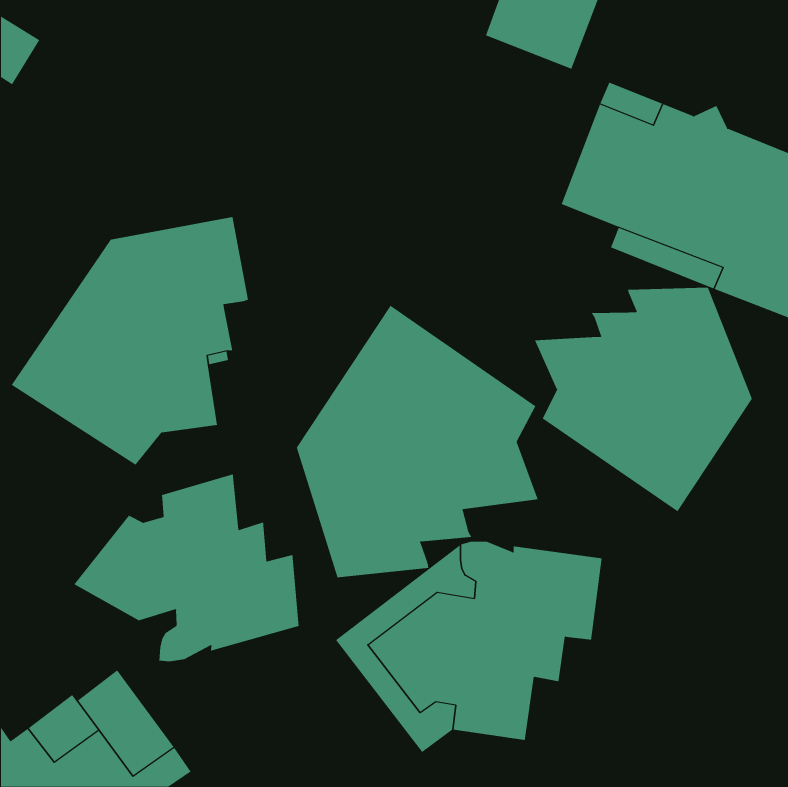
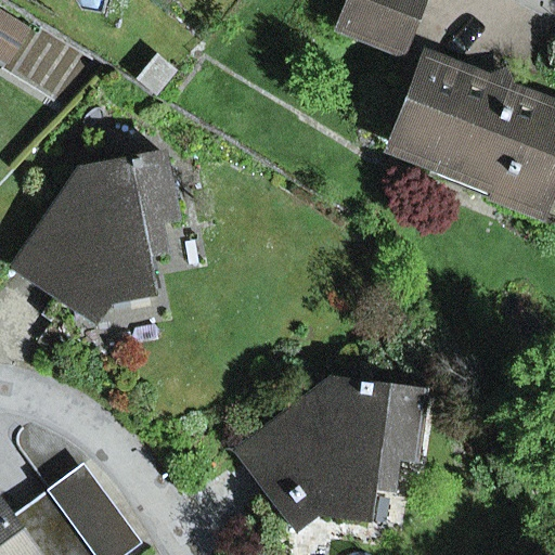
building: [534,287,753,512] -> none
building: [296,305,538,578] -> none
building: [74,474,299,662] -> none

